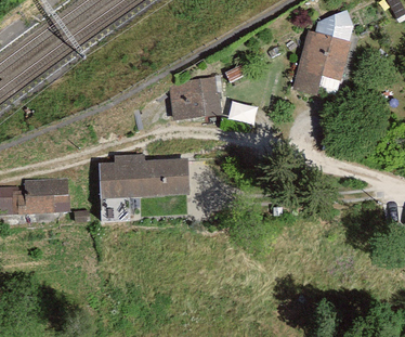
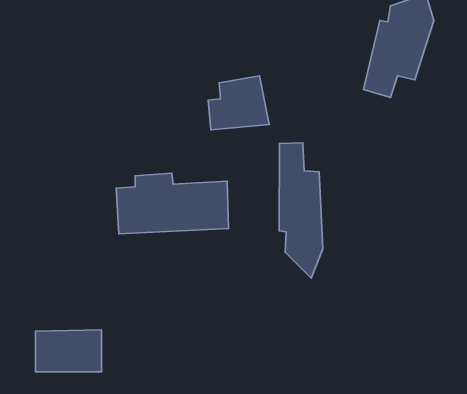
building: none -> [279,143,323,278]
building: [12,181,65,215] -> [35,330,102,372]

